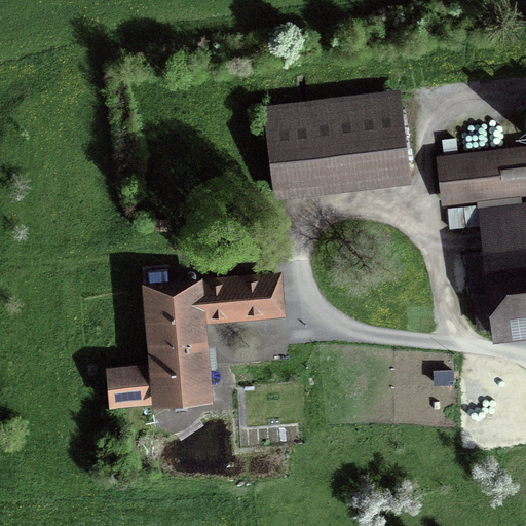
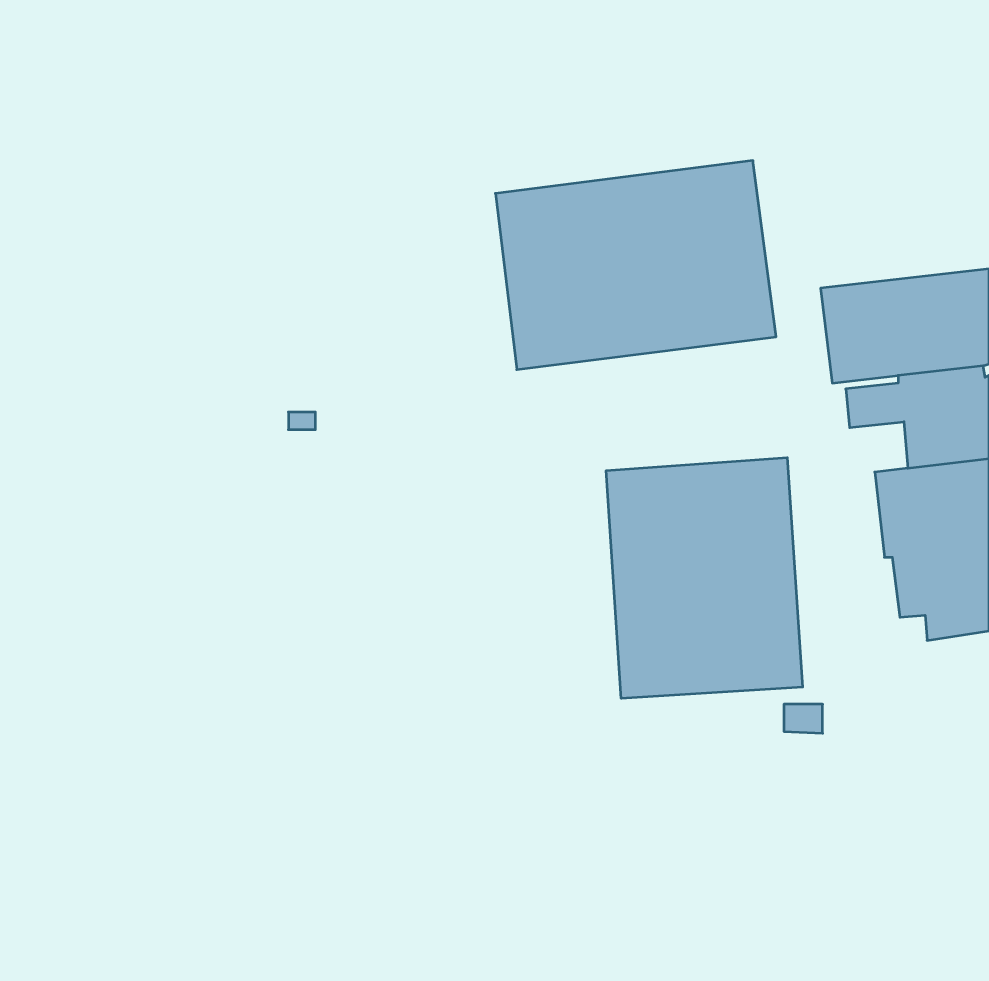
building: none -> [606,458,803,698]
building: [106,273,286,421] -> none

